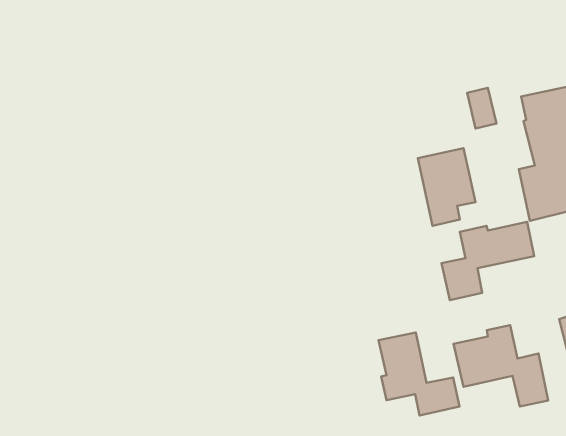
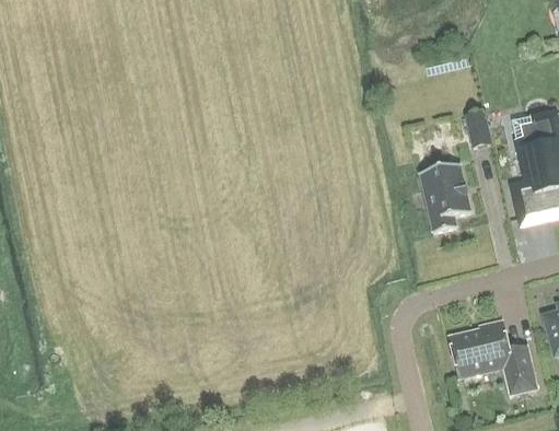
building: [441,222,534,300] -> none
building: [379,332,459,416] -> none

